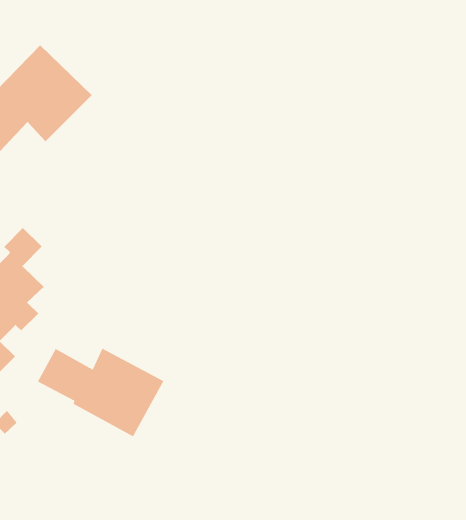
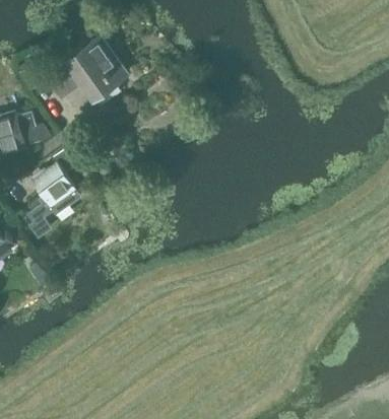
building: [37,348,164,437] -> none

